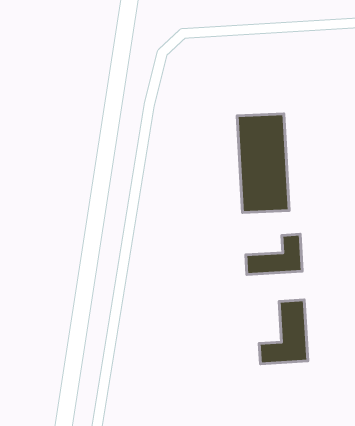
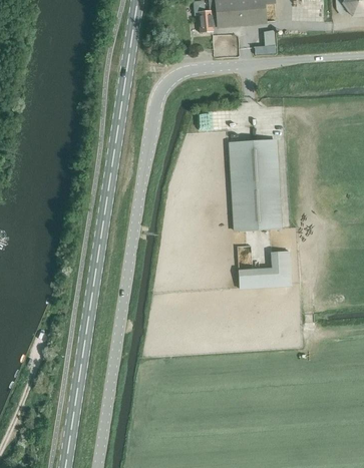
building: [259,300,308,364] -> none

